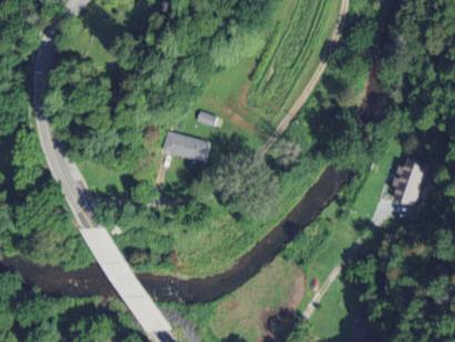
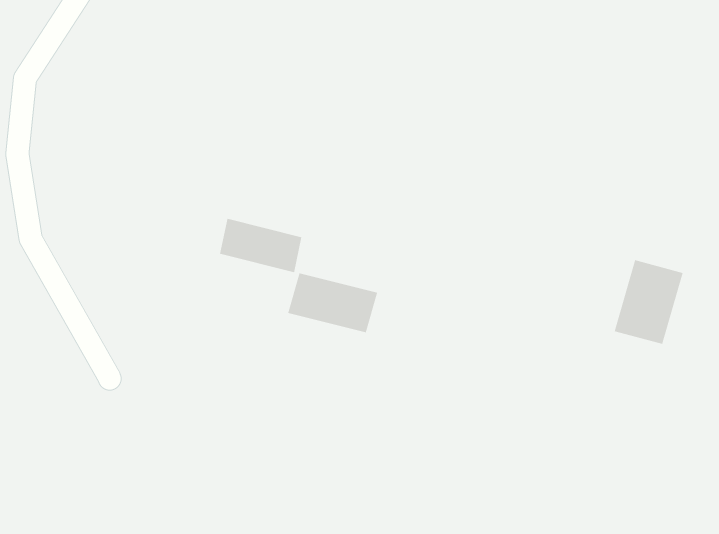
building: none -> [287,273,378,333]

